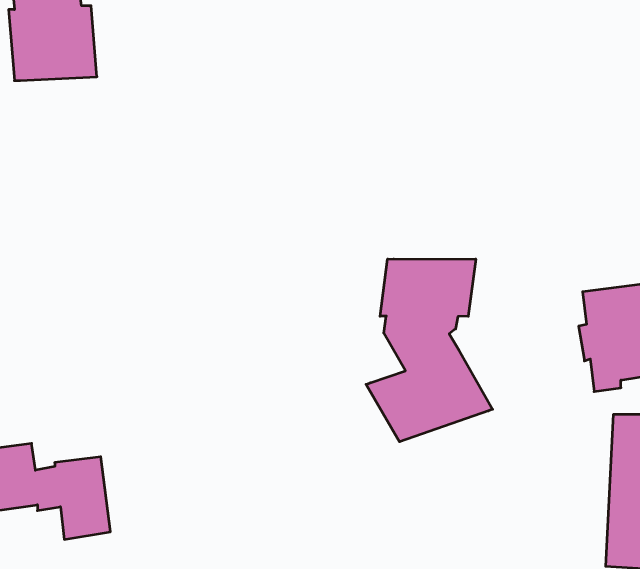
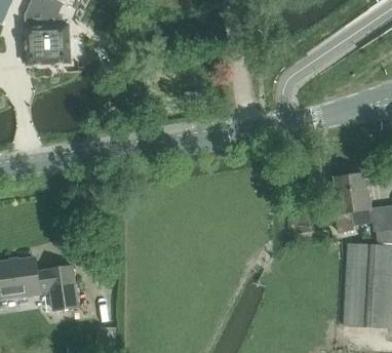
building: [366,259,493,442] -> none

